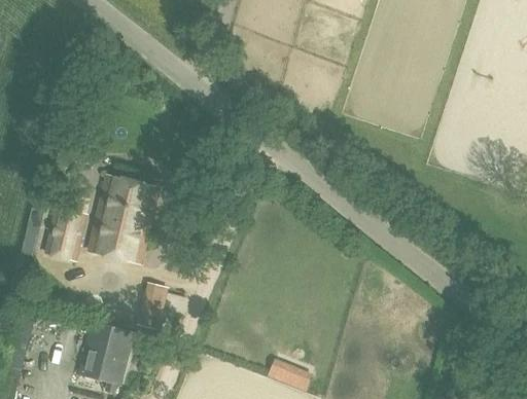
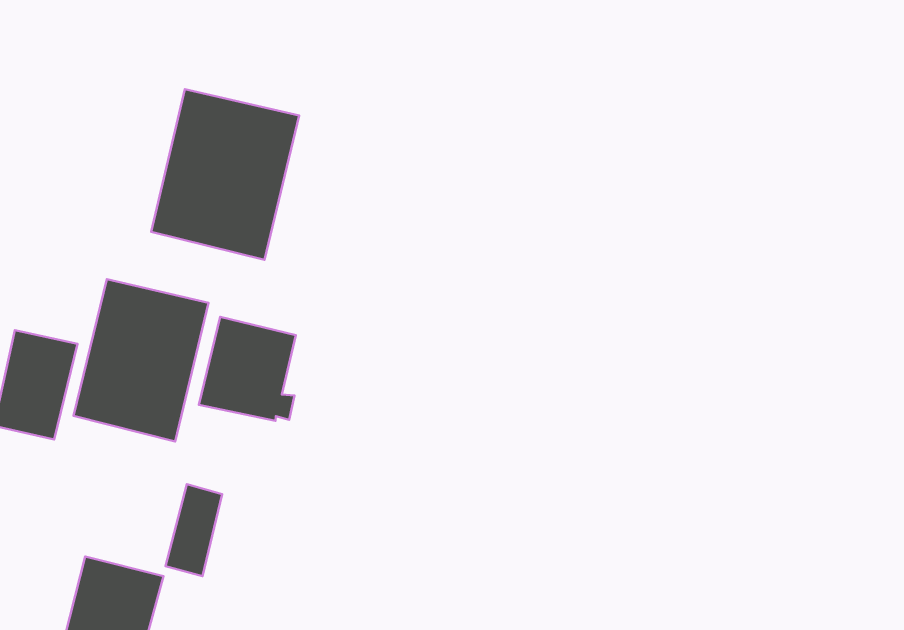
building: none -> [151,89,299,260]
building: none -> [199,317,296,421]

